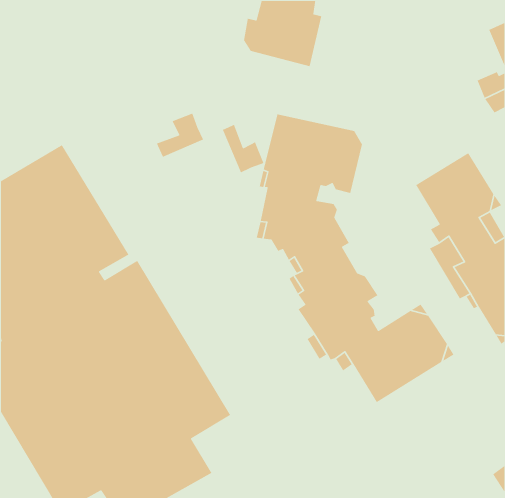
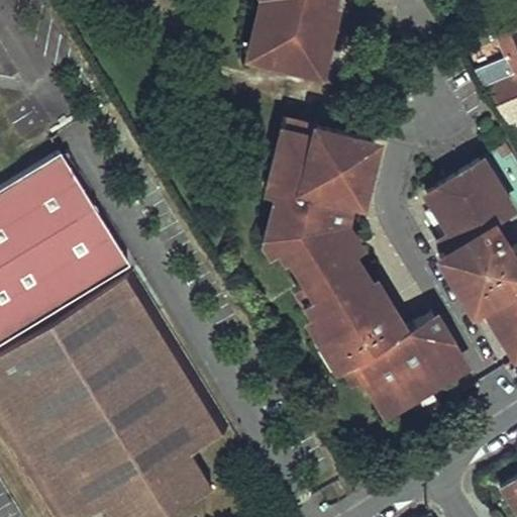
building: [156,112,204,158] -> none
building: [222,124,264,174] -> none

